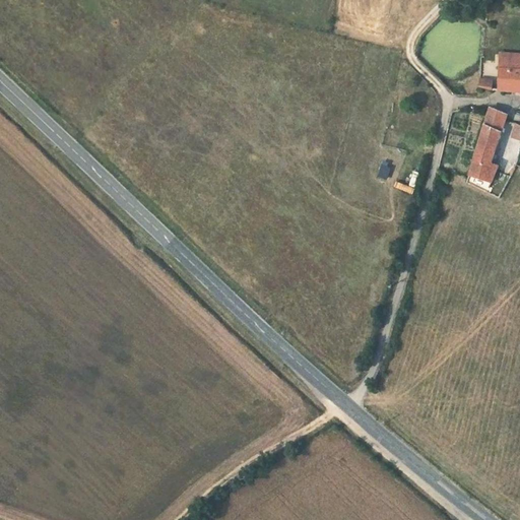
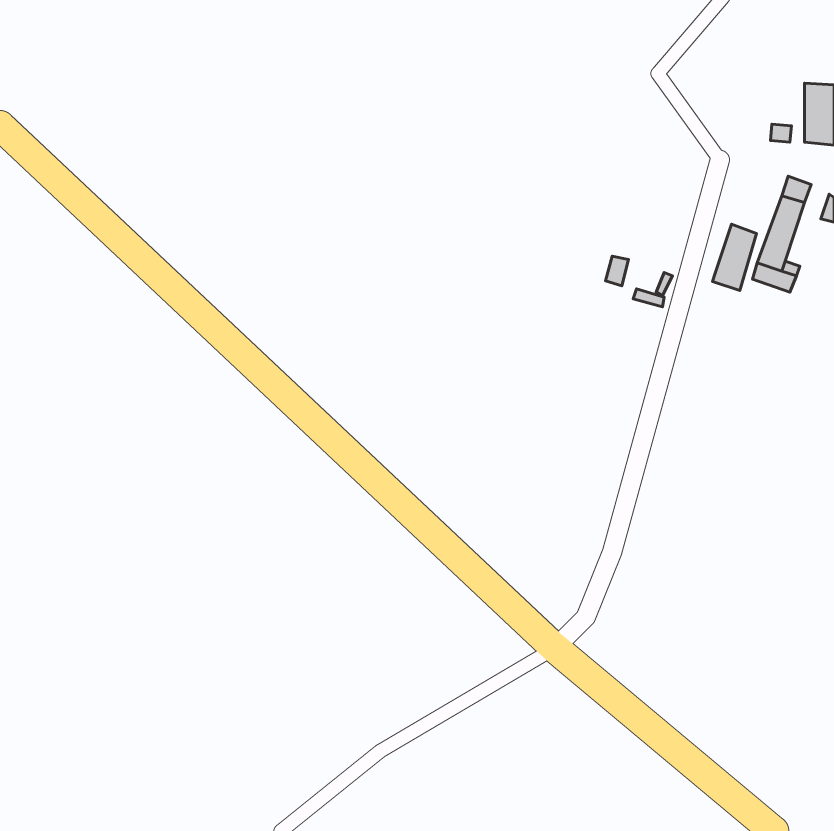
building: none -> [713,224,757,291]

